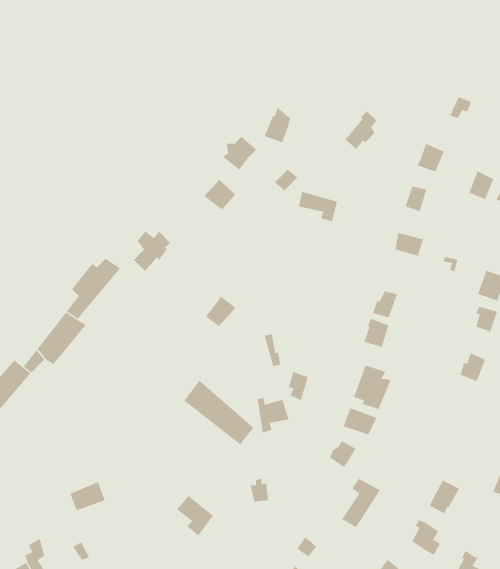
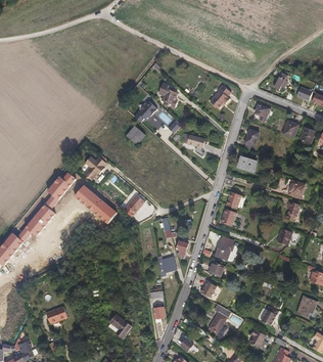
building: [184,380,254,445] -> [74,184,116,223]

